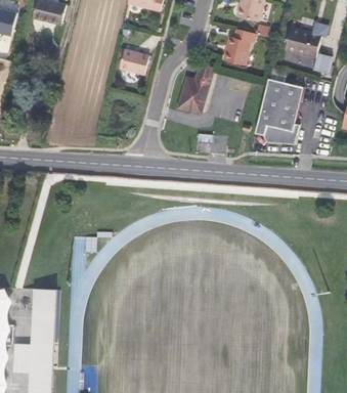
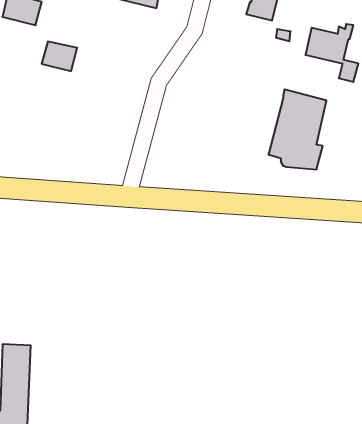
building: [220,28,255,66] -> none
building: [118,48,147,73] -> [42,42,77,71]
building: [178,61,214,113] -> none

